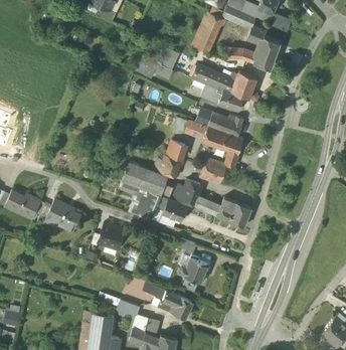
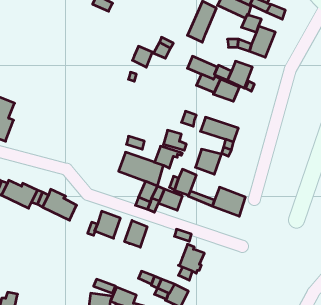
building: [196,109,243,136] -> none
building: none -> [125,220,147,247]

